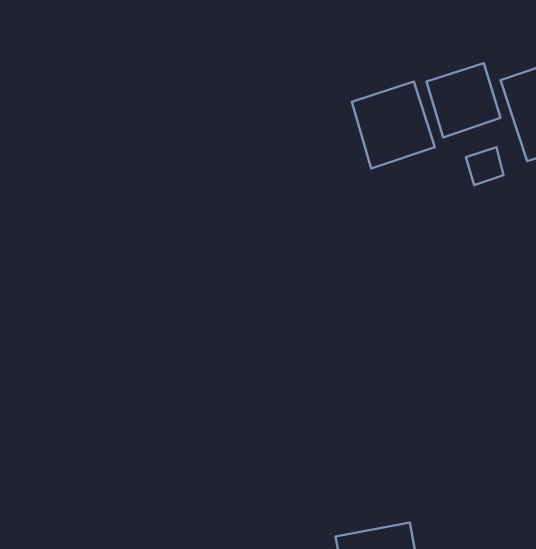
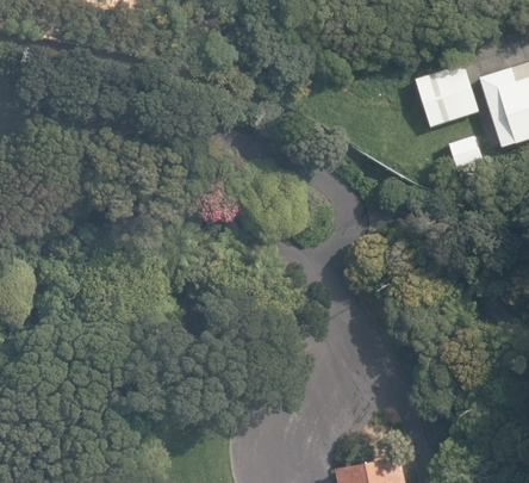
building: [352,82,435,169] -> none

